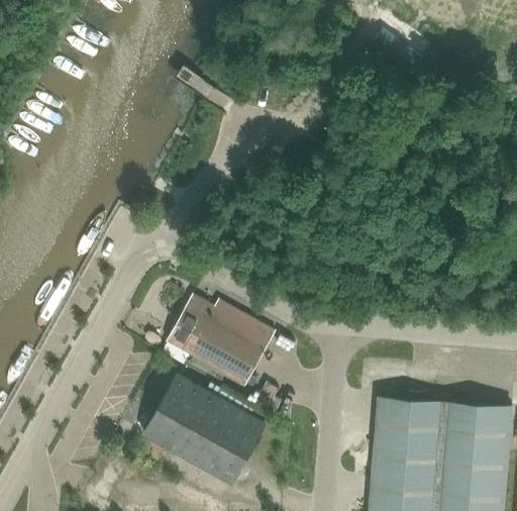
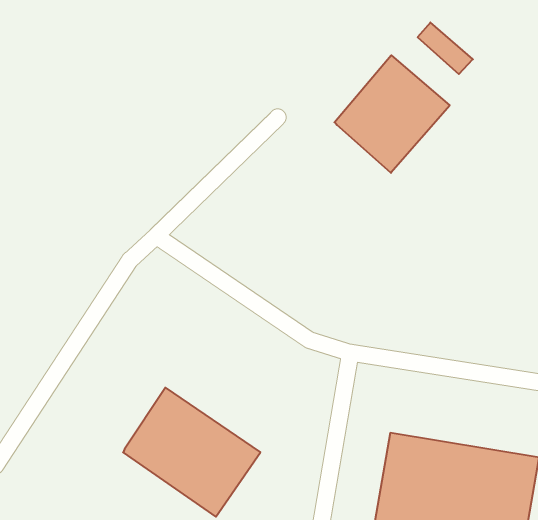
building: none -> [334,55,450,173]
building: [162,294,272,383] -> none

